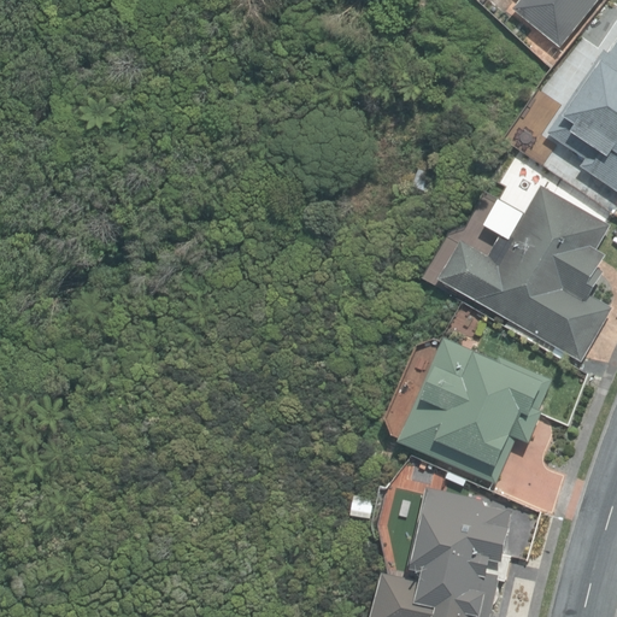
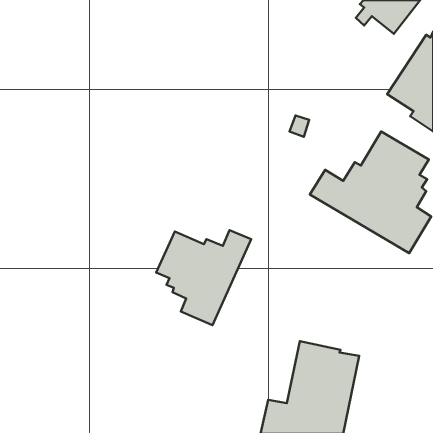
building: none -> [156,230,251,325]
building: [394,333,551,482] -> none

